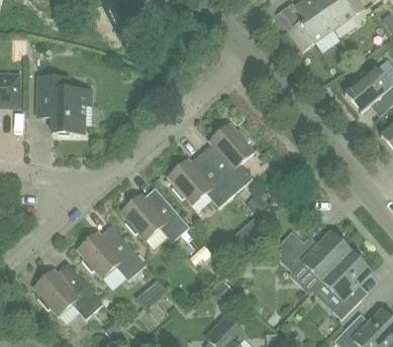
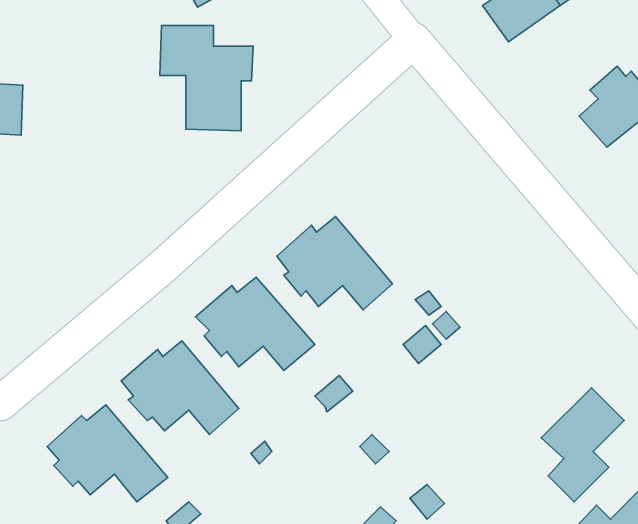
building: [36,73,91,134] -> [160,25,253,131]
building: [201,122,254,192] -> none
building: [272,232,351,281] -> none

